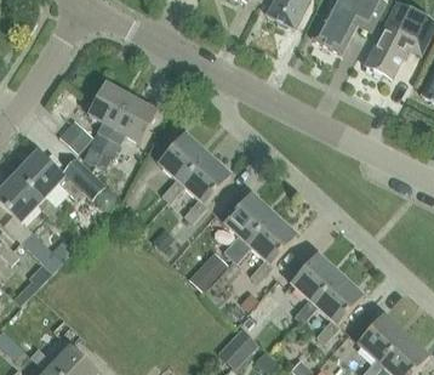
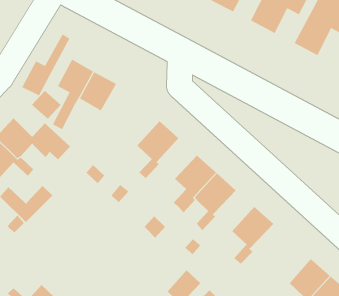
building: none -> [21,34,70,96]
building: [158,133,207,201] -> none
building: [313,274,362,342] -> none

